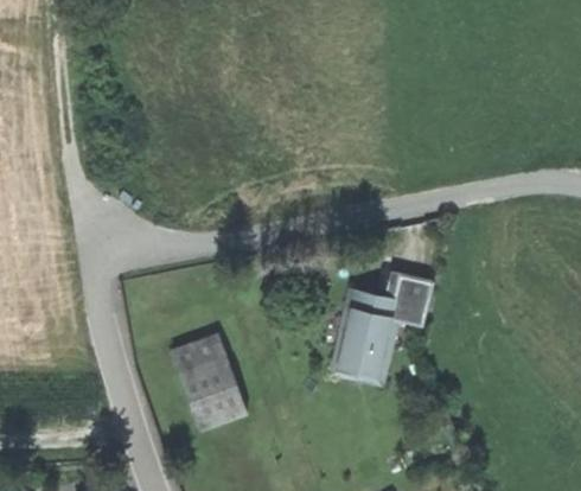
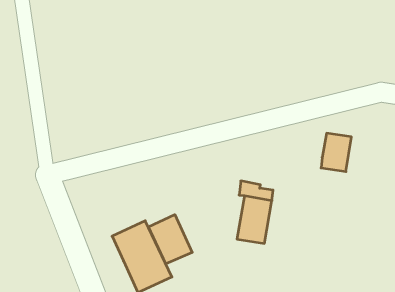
building: [389,273,433,326] -> [321,133,351,172]
building: none -> [149,215,192,264]

